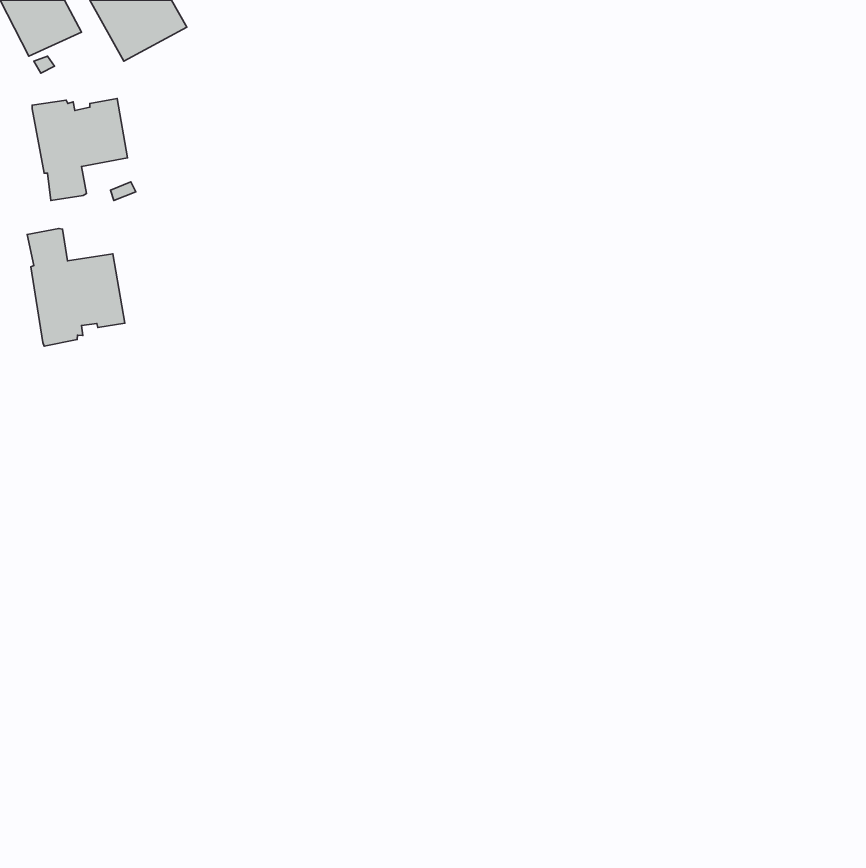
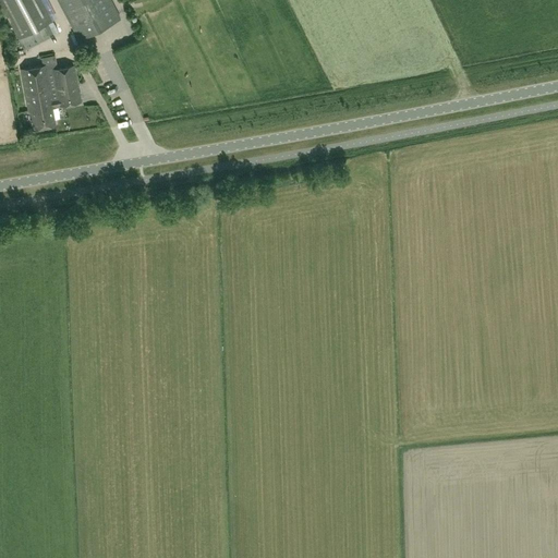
building: [27,228,125,346] -> none

